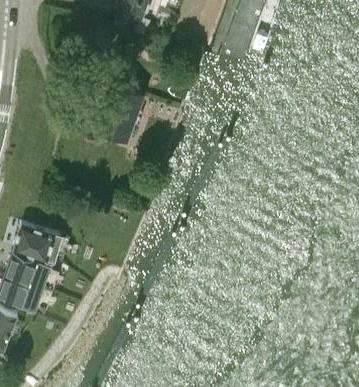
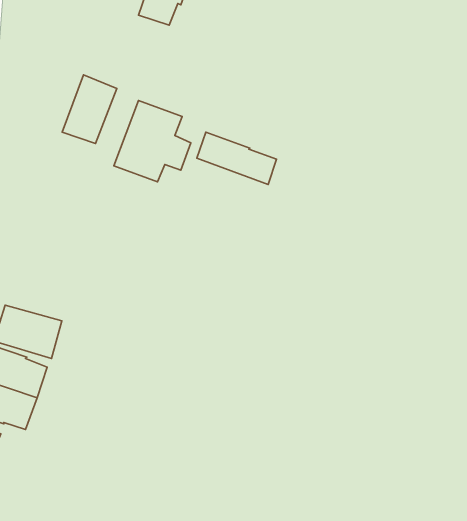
building: none -> [62,75,117,144]
building: none -> [197,132,276,185]

